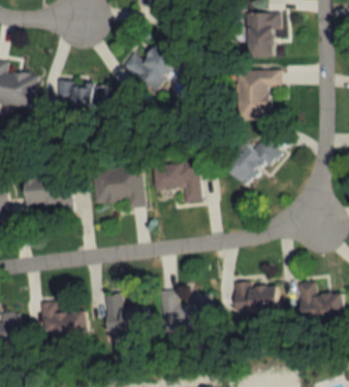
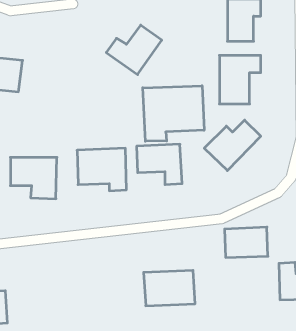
building: [58,83,103,116] -> none
building: none -> [143,86,204,141]
building: [233,283,278,314] -> [225,227,268,257]
building: [103,294,149,335] -> none
building: [40,301,85,337] -> none

